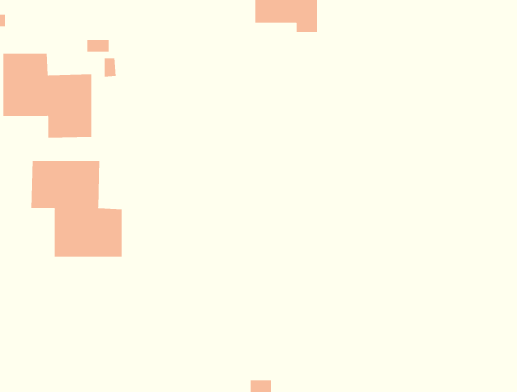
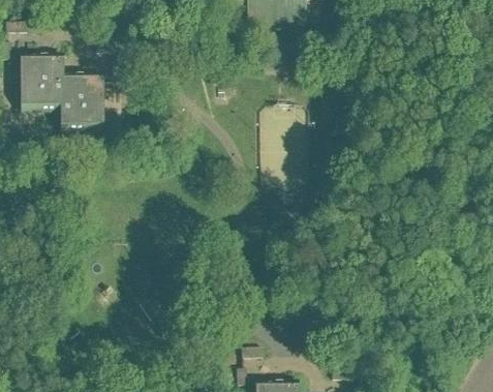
building: [31,160,122,258] -> none

